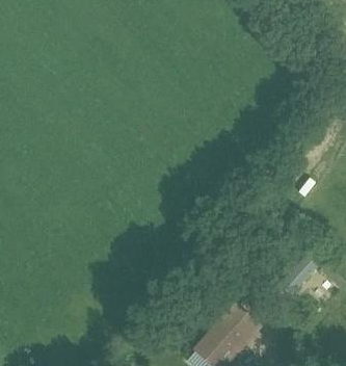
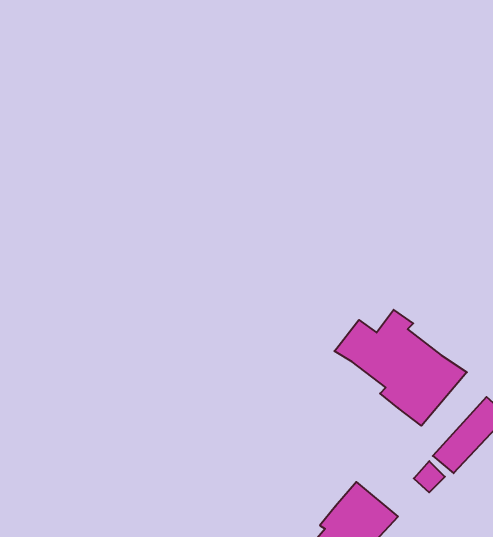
building: none -> [334,310,467,426]

